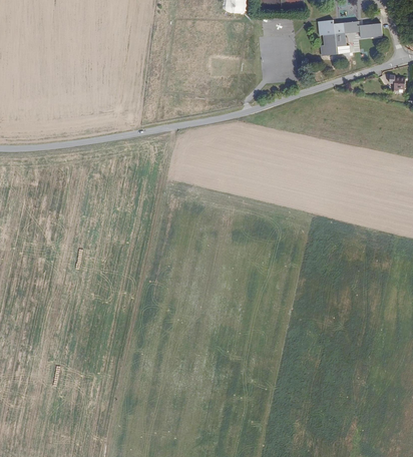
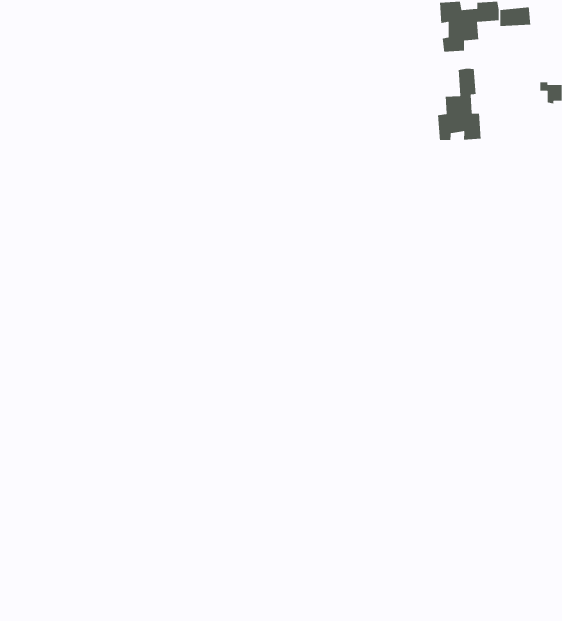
building: none -> [437,68,481,141]

